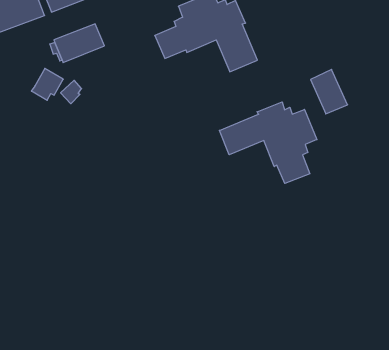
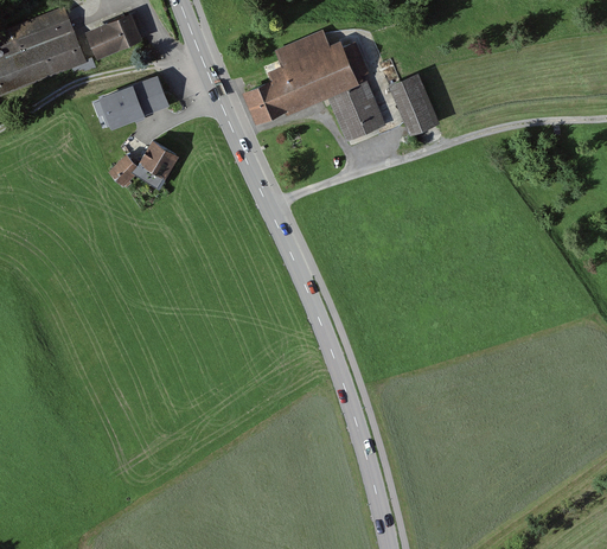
building: [31,68,63,100] -> [133,141,178,186]
building: [311,69,348,114] -> [388,72,440,135]
building: [219,102,317,183] -> none

